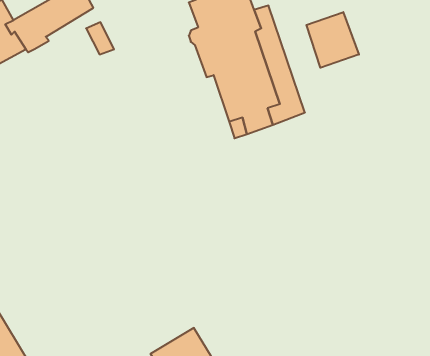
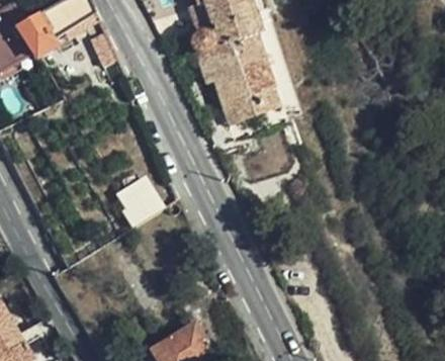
building: [306,12,359,68] -> none
building: none -> [115,173,165,224]

